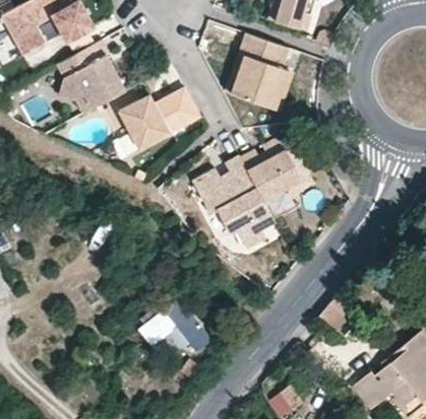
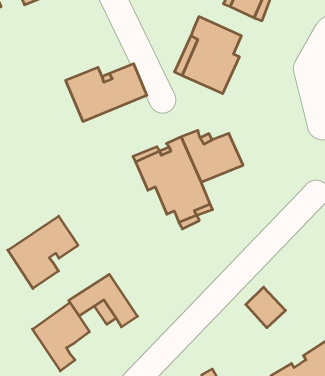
building: [56,40,124,113] -> none
building: none -> [8,216,78,289]
building: none -> [32,303,89,371]

